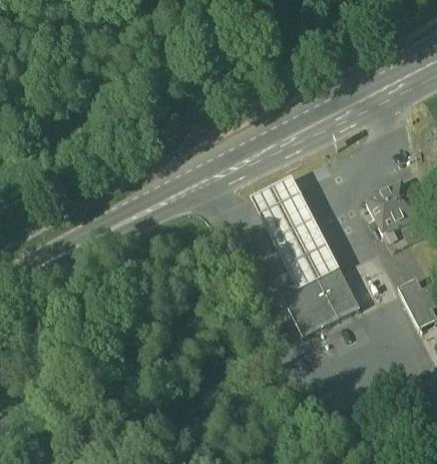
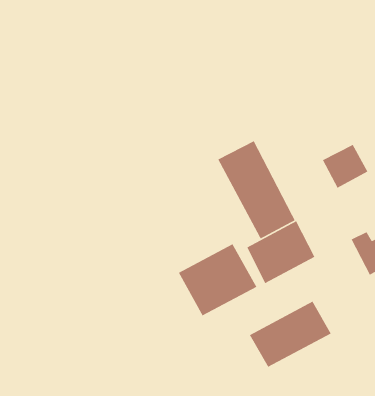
building: none -> [178,243,257,317]
building: none -> [249,301,332,368]

